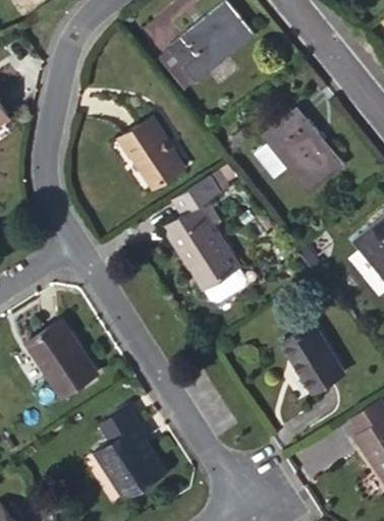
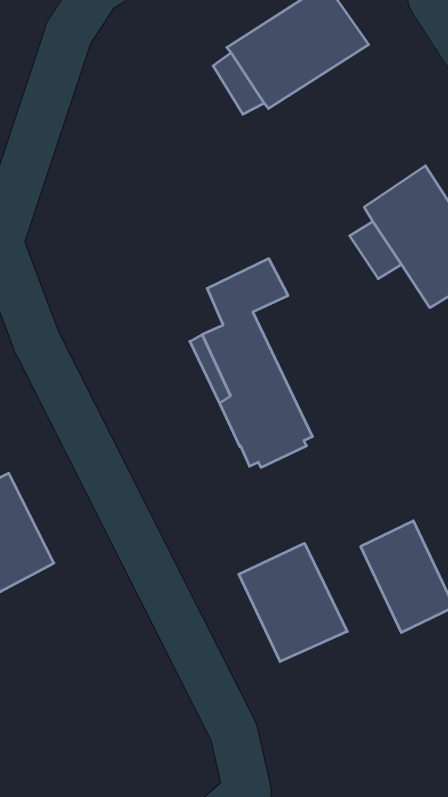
building: [122,118,181,188] -> none
building: none -> [239,543,347,662]
building: [95,404,167,500] -> none

